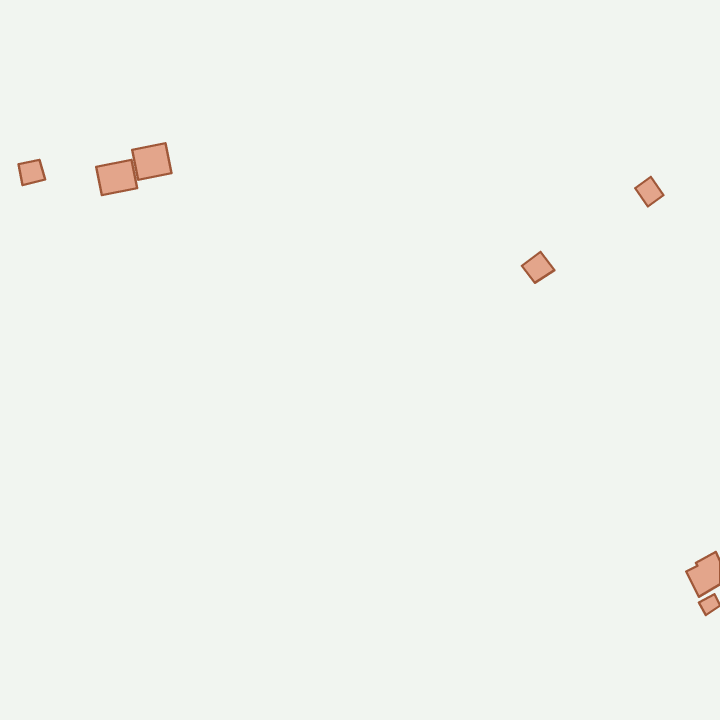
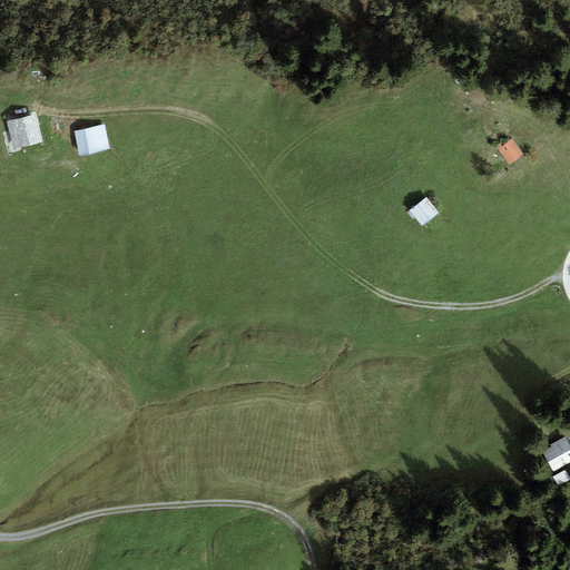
building: [132,143,172,180] -> none

